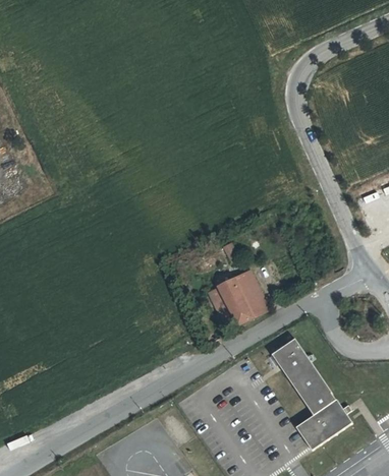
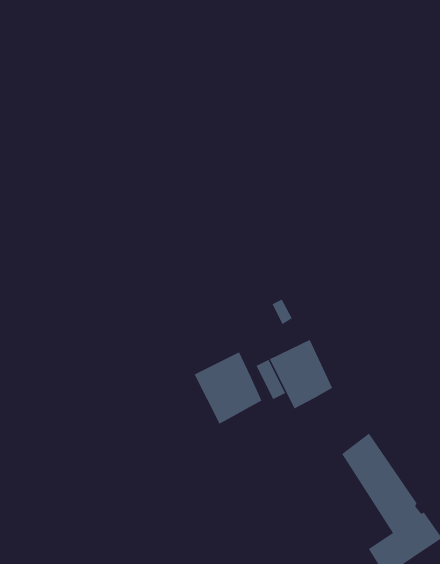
building: none -> [193,351,262,425]

